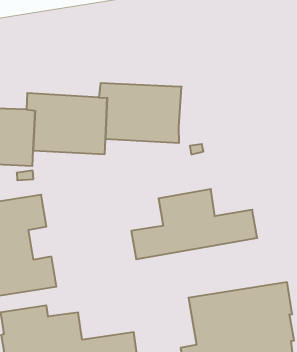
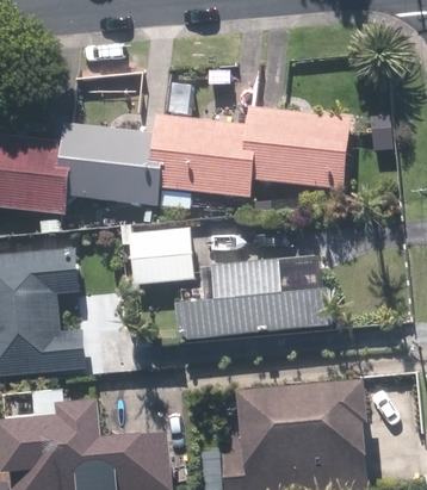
building: none -> [241,107,344,188]
building: none -> [129,229,193,283]

